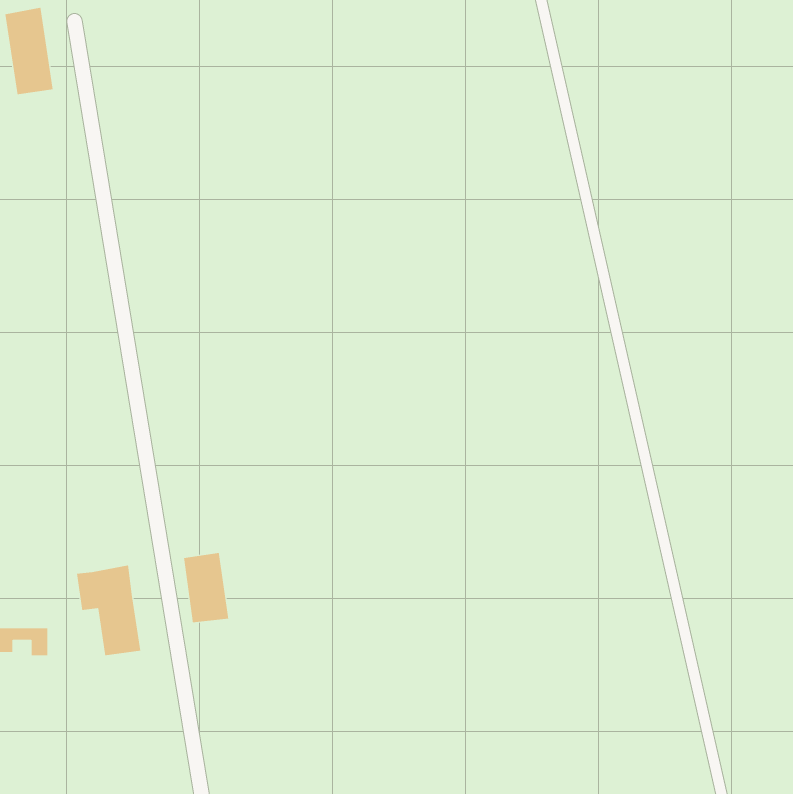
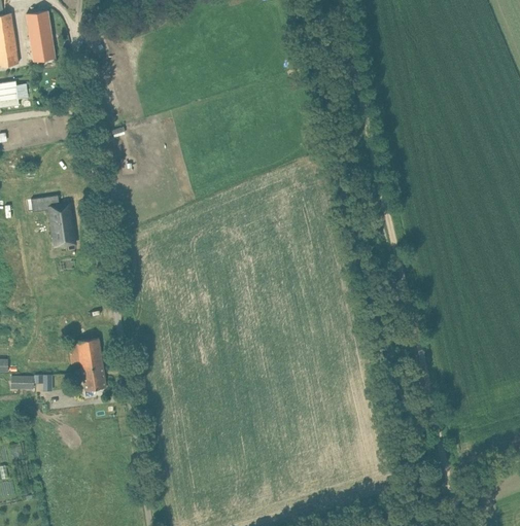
building: none -> [31,196,75,248]
building: [184,552,229,623] -> none

